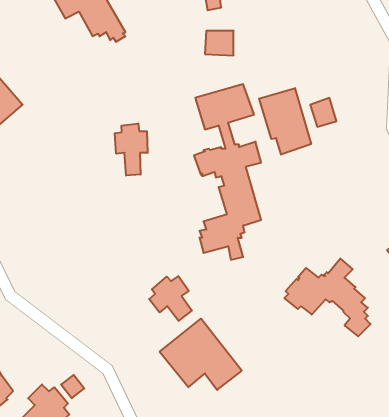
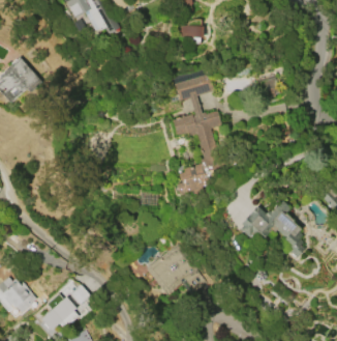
building: [259,88,311,155] -> none
building: [115,123,148,176] -> none
building: [149,276,192,321] -> none

